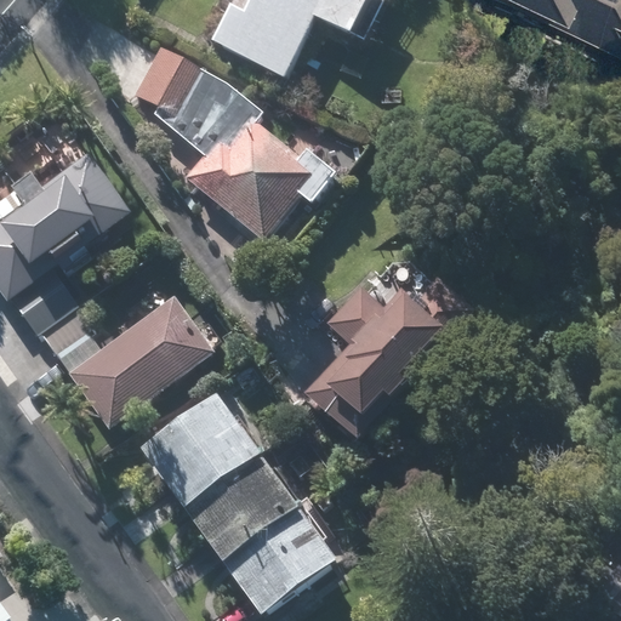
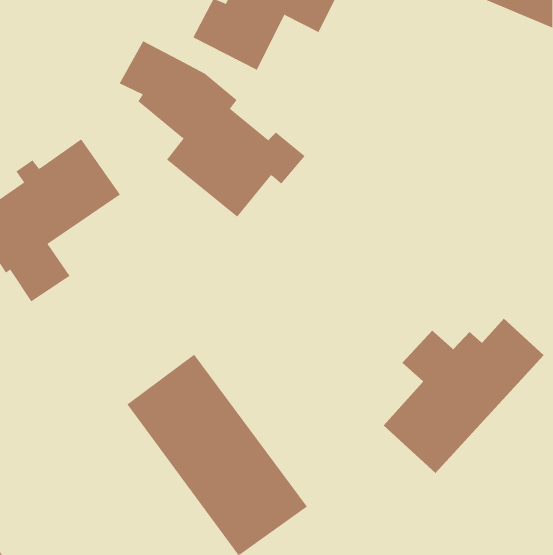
building: [302,272,480,444] -> [383,318,544,474]
building: [64,294,212,428] -> none

